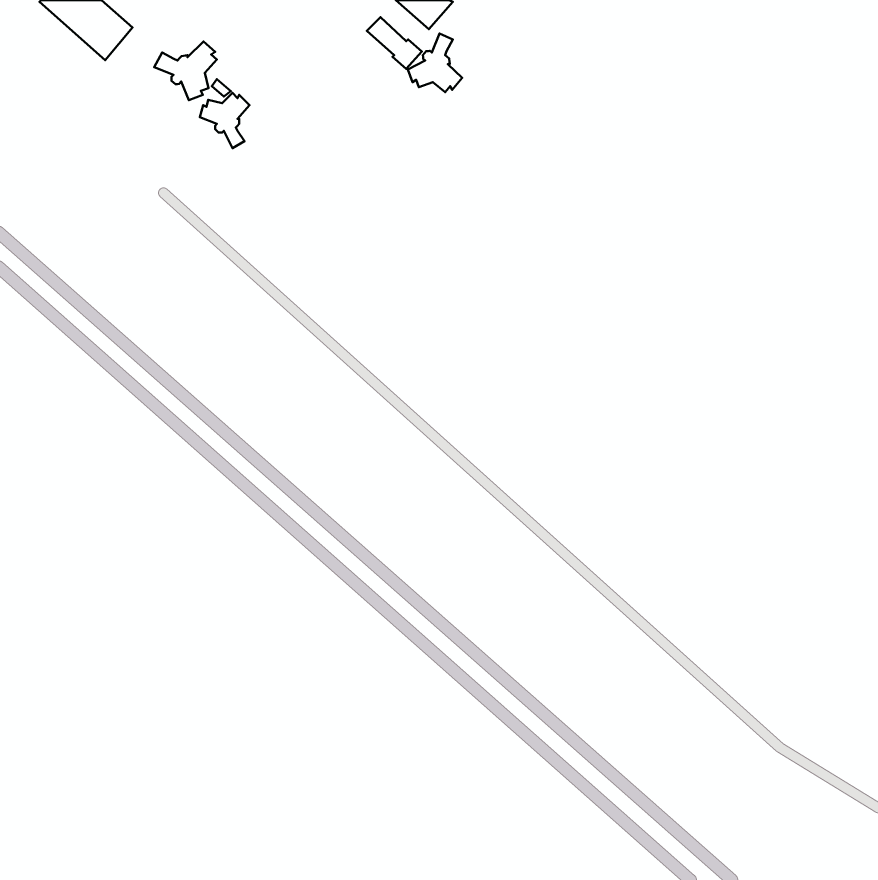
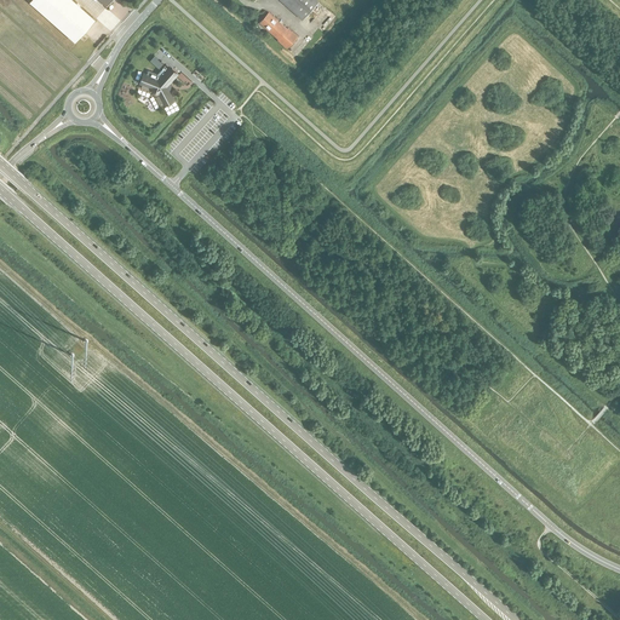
building: [408,33,462,92] -> none
building: [154,42,217,100] -> none

